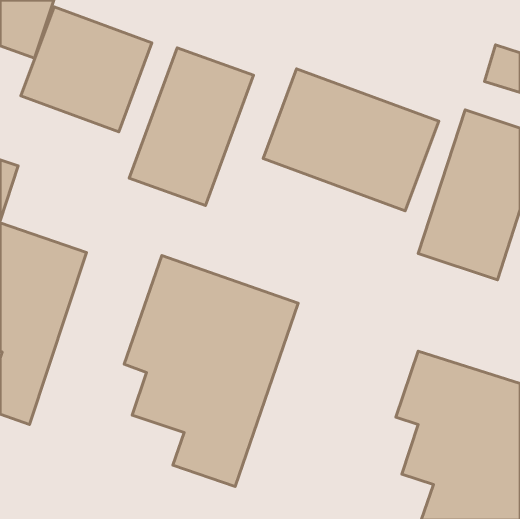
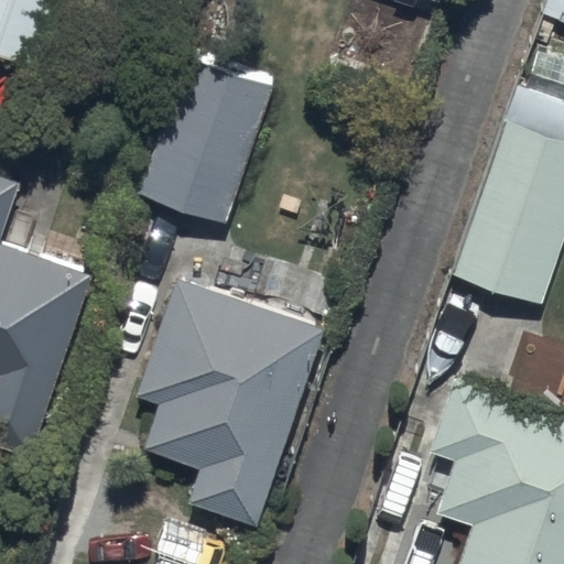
building: [21,7,152,132] -> none
building: [263,69,439,211] -> none

